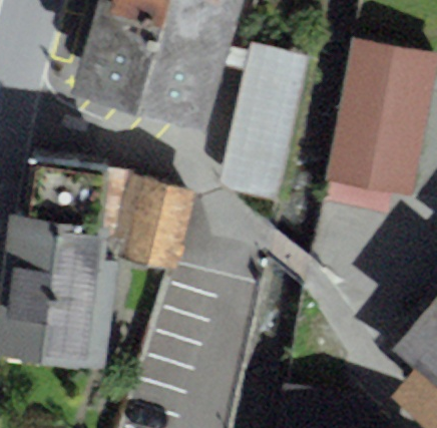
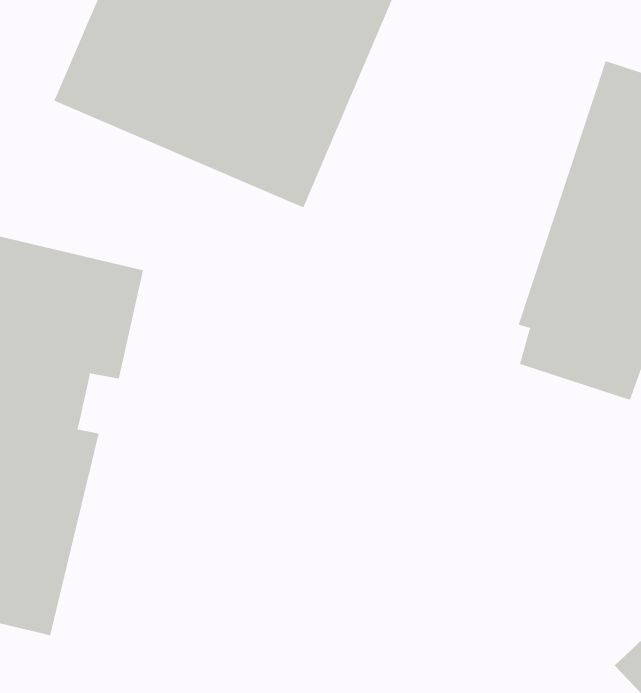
building: [220,43,311,200] -> none
building: [126,177,195,269] -> none

